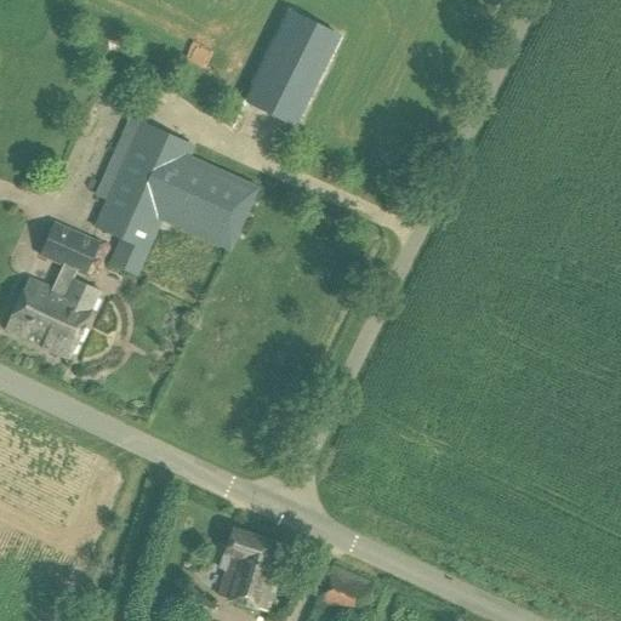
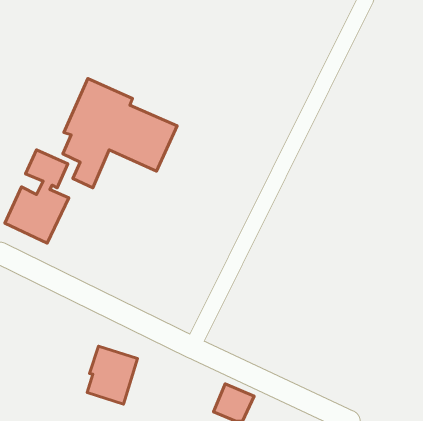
building: [244,11,341,130] -> none
building: [216,526,290,611] -> [87,346,138,404]

